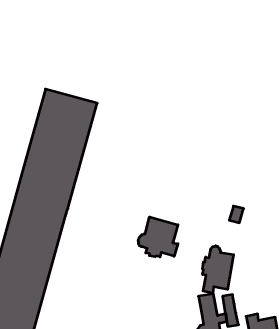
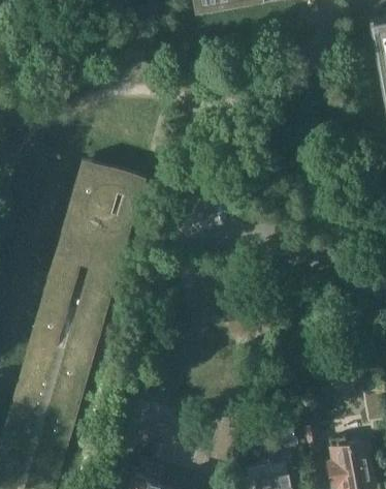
building: [138,217,178,257] -> none
building: [203,246,234,293] -> none

